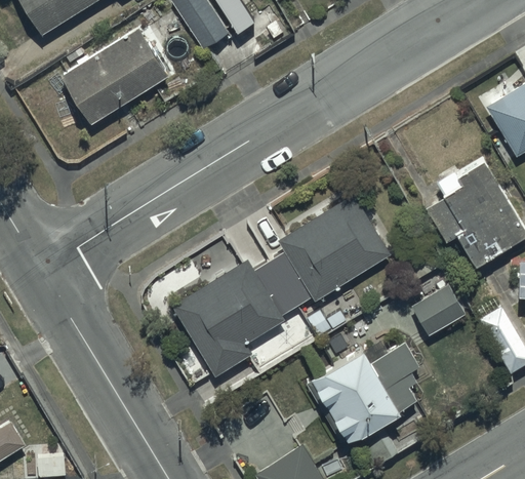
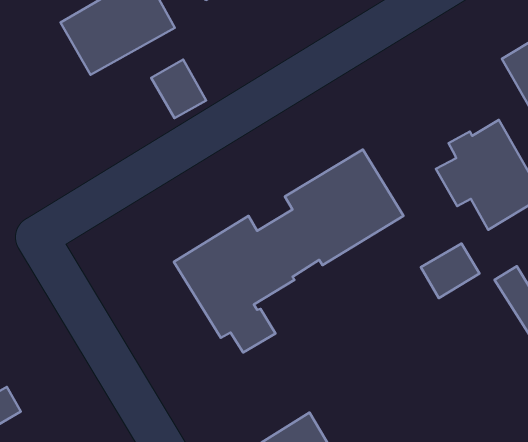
building: none -> [151,59,206,118]
building: [304,343,419,445] -> none

